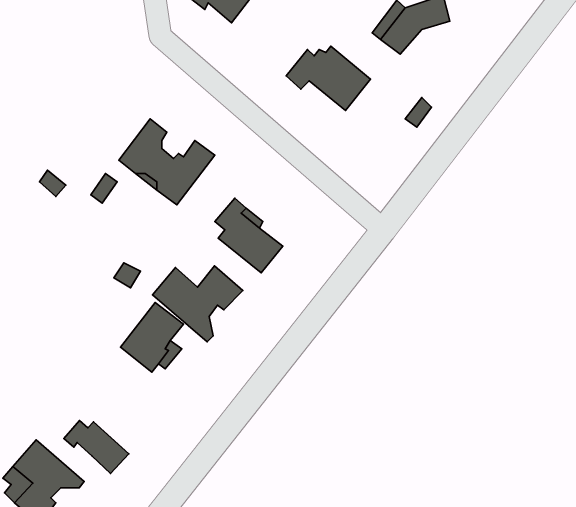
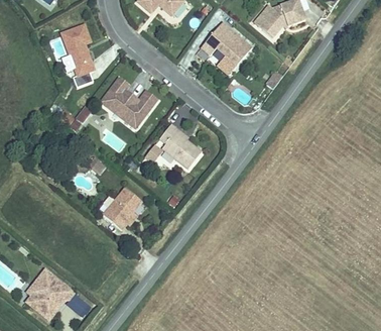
building: none -> [62,23,94,71]
building: [152,266,243,342] -> none
building: [64,420,129,474] -> none

